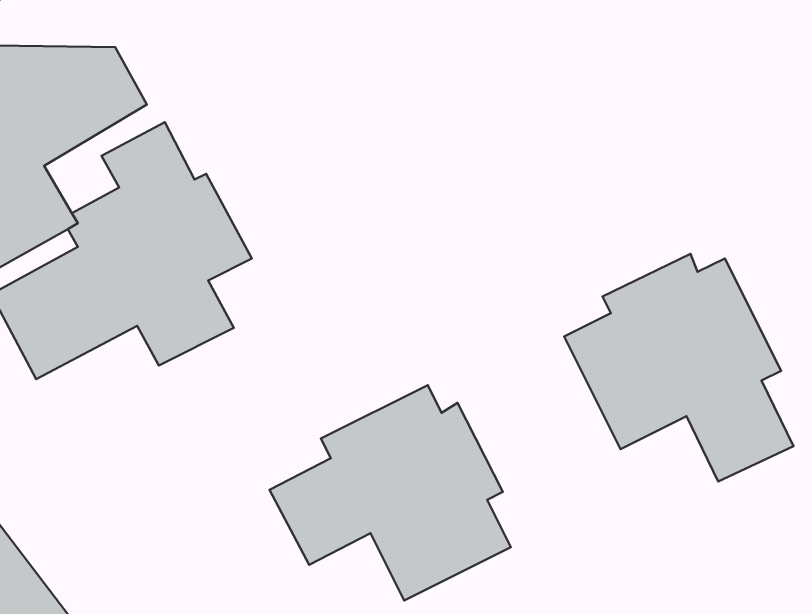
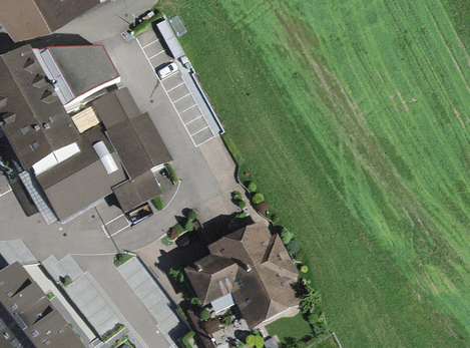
building: [564,254,793,482] -> none

